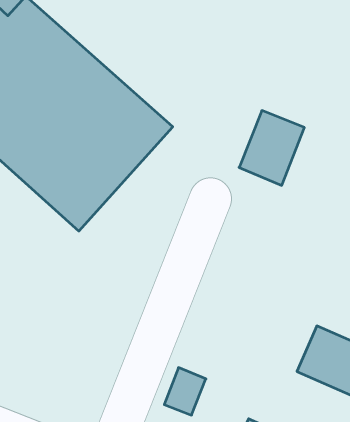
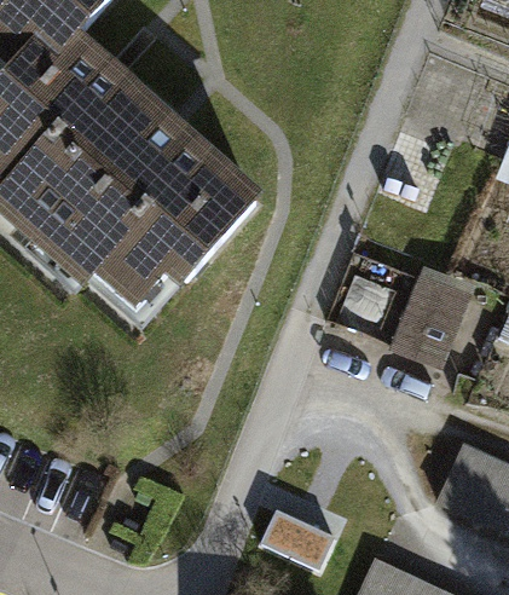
building: [239,111,304,185] -> [400,268,484,364]

